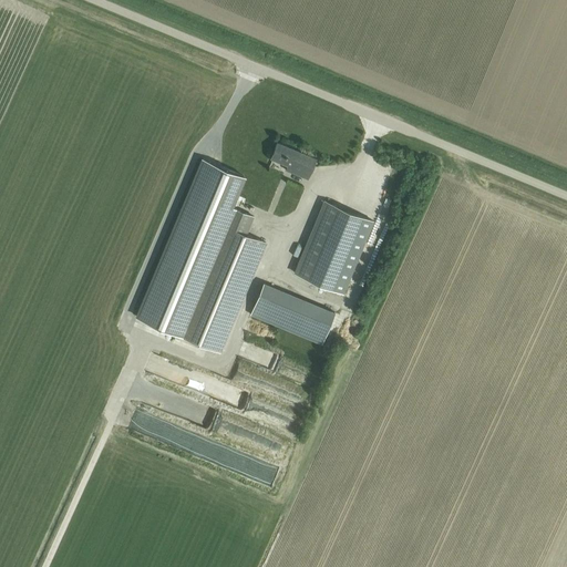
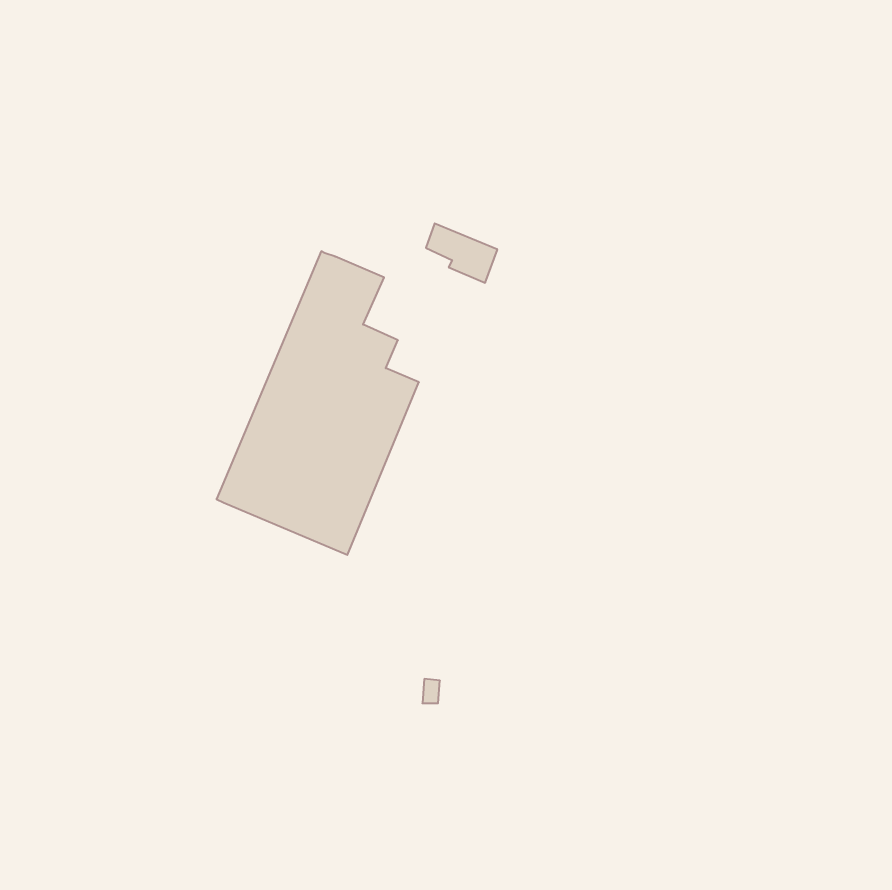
building: [293,202,373,293] -> none
building: [250,284,334,344] -> none

